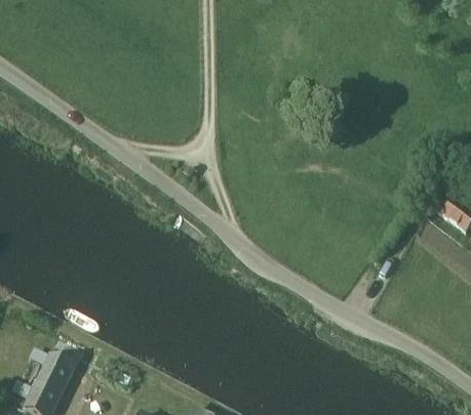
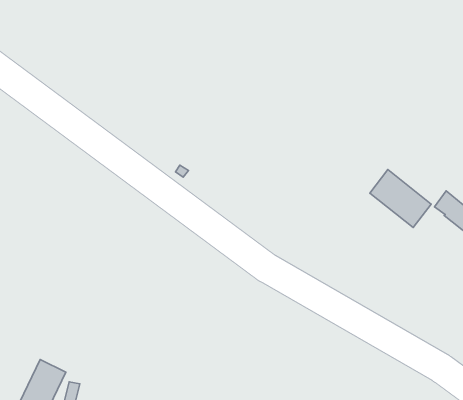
building: none -> [370,170,431,227]

